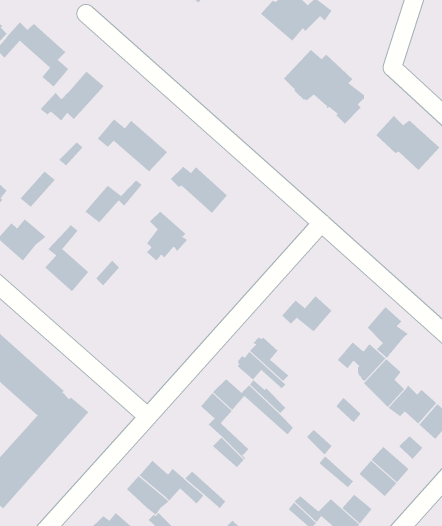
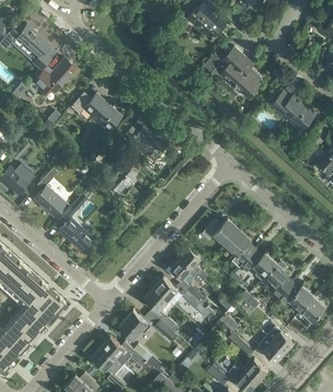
building: [84,179,143,223] -> none
building: none -> [58,219,92,252]
building: [367,306,408,358] -> [226,230,255,267]
building: none -> [118,311,151,341]

